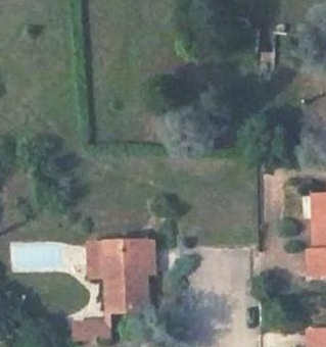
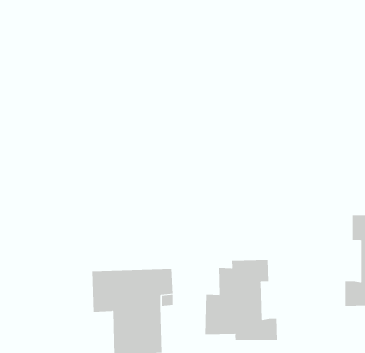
building: none -> [205,259,277,341]

